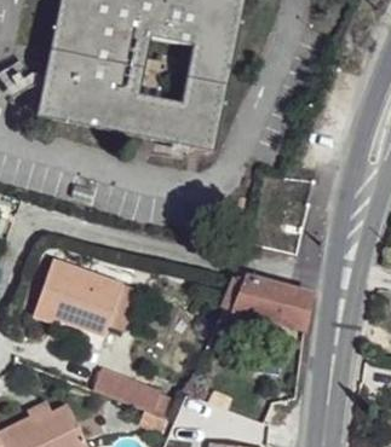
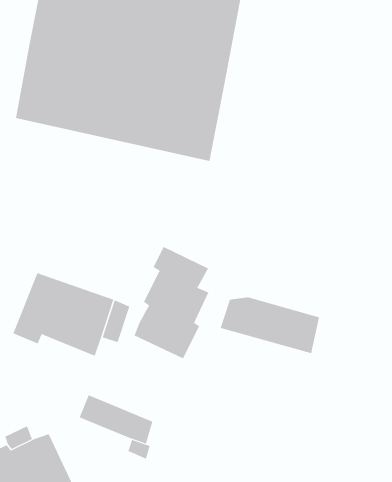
building: none -> [134,246,209,359]

